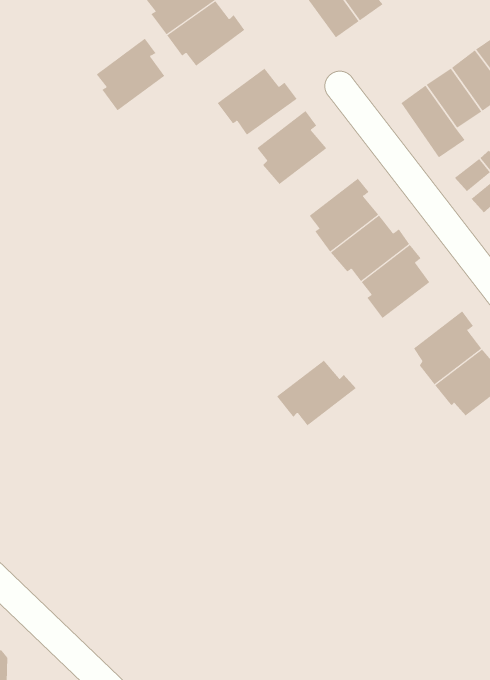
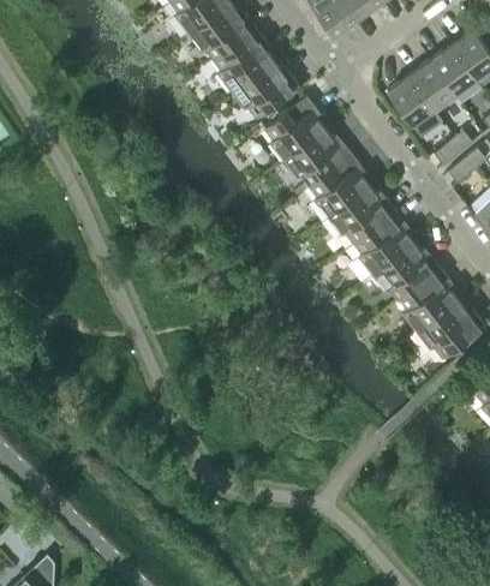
building: [96,38,165,111] -> [213,28,271,90]
building: none -> [283,128,351,186]
building: [276,360,357,426] -> [371,243,440,299]

